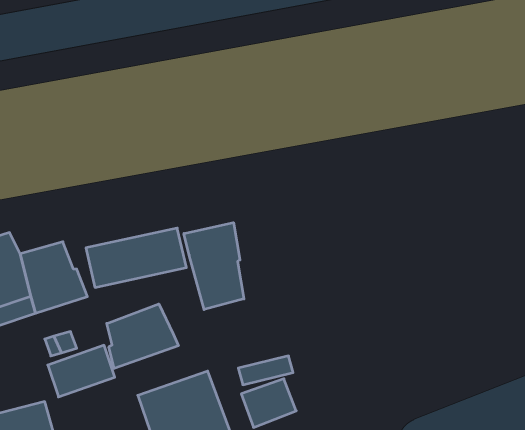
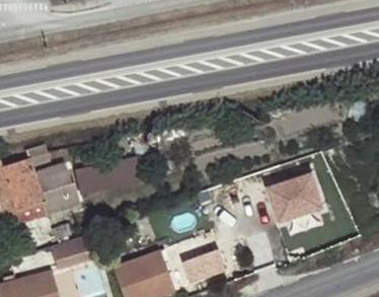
building: [184,223,244,310] -> none
building: none -> [267,176,320,223]
building: [107,304,178,368] -> none

